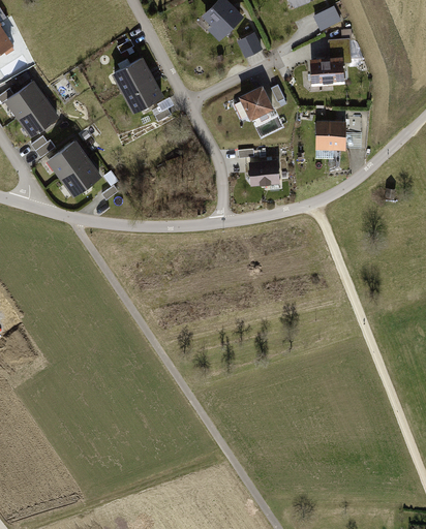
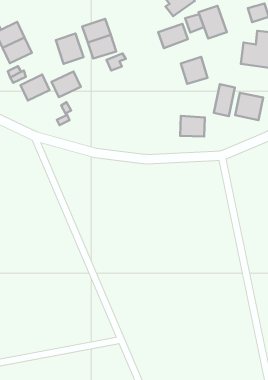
building: none -> [199,6,227,39]
building: none -> [158,24,188,48]
building: none -> [56,33,83,64]
building: none -> [214,84,235,116]
building: [59,158,96,193] -> [52,71,81,97]

